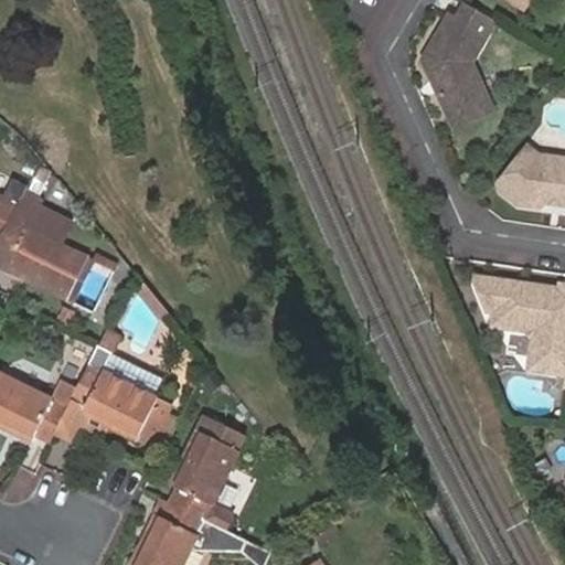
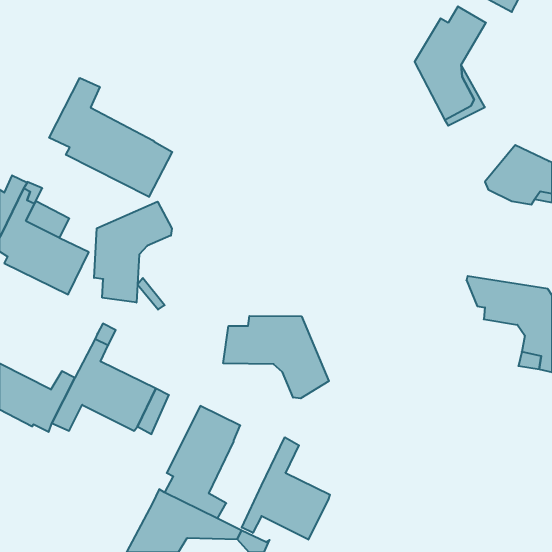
building: none -> [49,78,172,197]
building: none -> [94,202,172,303]
building: none -> [223,316,329,398]
building: none -> [242,437,330,540]

